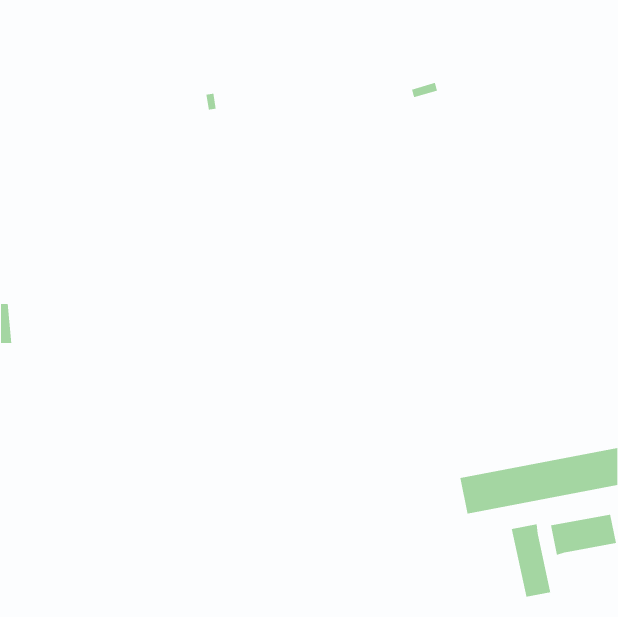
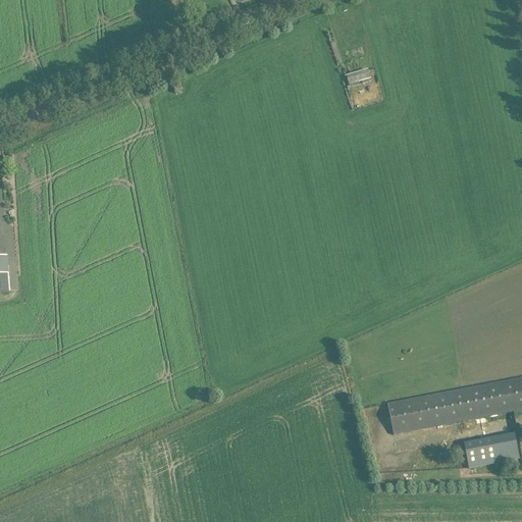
building: [511,523,551,597] -> none

